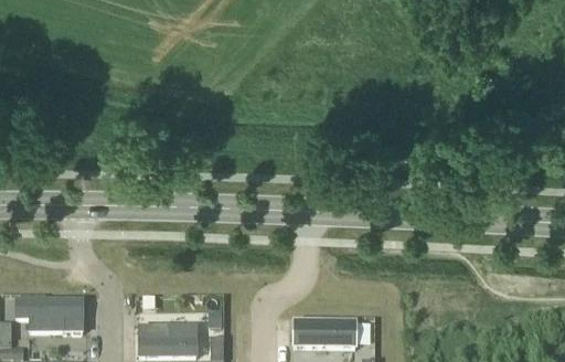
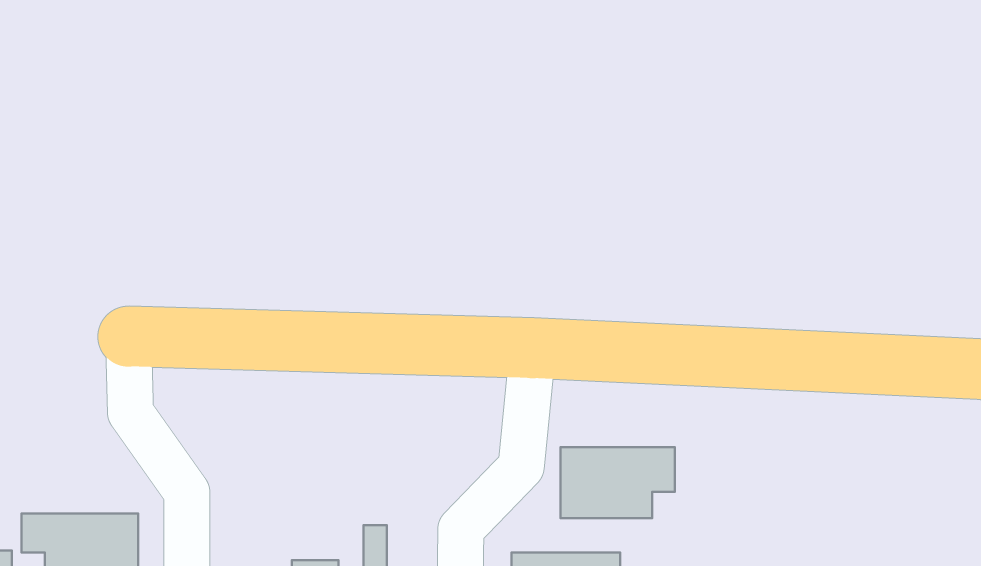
building: none -> [560,447,675,518]

